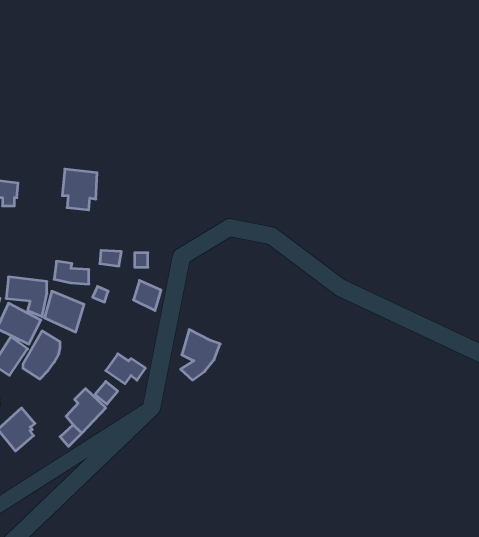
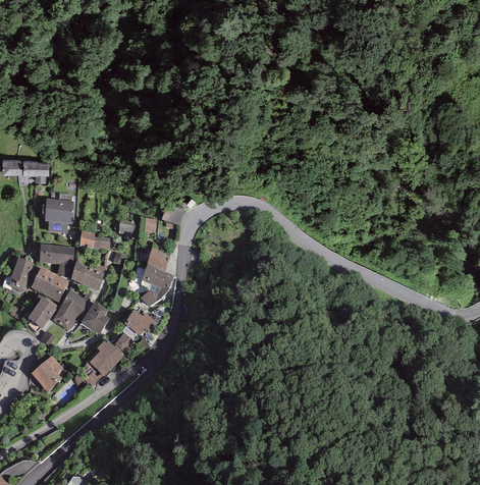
building: [62,169,97,210] -> [44,198,73,232]
building: [181,330,220,380] -> [140,263,173,306]
building: none -> [81,301,109,334]

